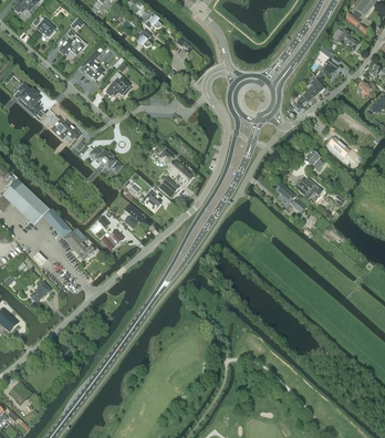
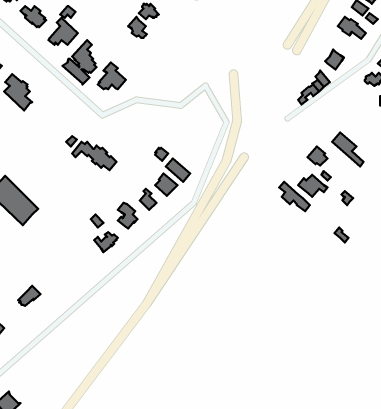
building: [42,114,81,139] -> none
building: [43,208,94,260] -> none

